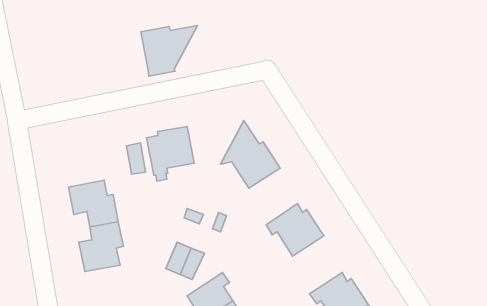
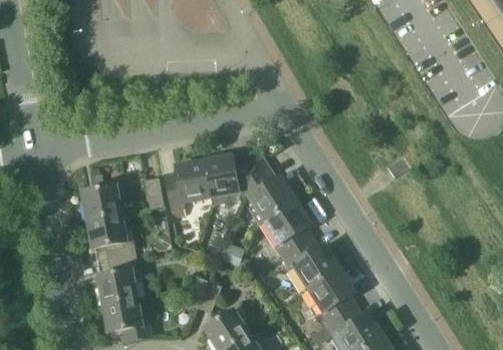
building: [141,26,197,76] -> [204,155,260,206]
building: none -> [81,185,124,222]
building: none -> [265,203,313,259]
building: none -> [308,270,357,327]
building: none -> [102,299,149,333]

